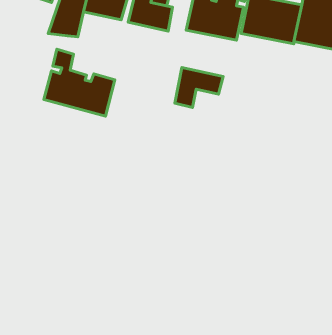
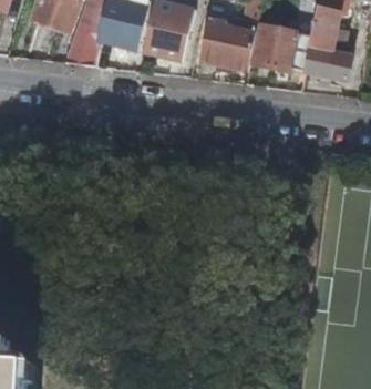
building: [44,49,115,116] -> none
building: [175,67,223,107] -> none

